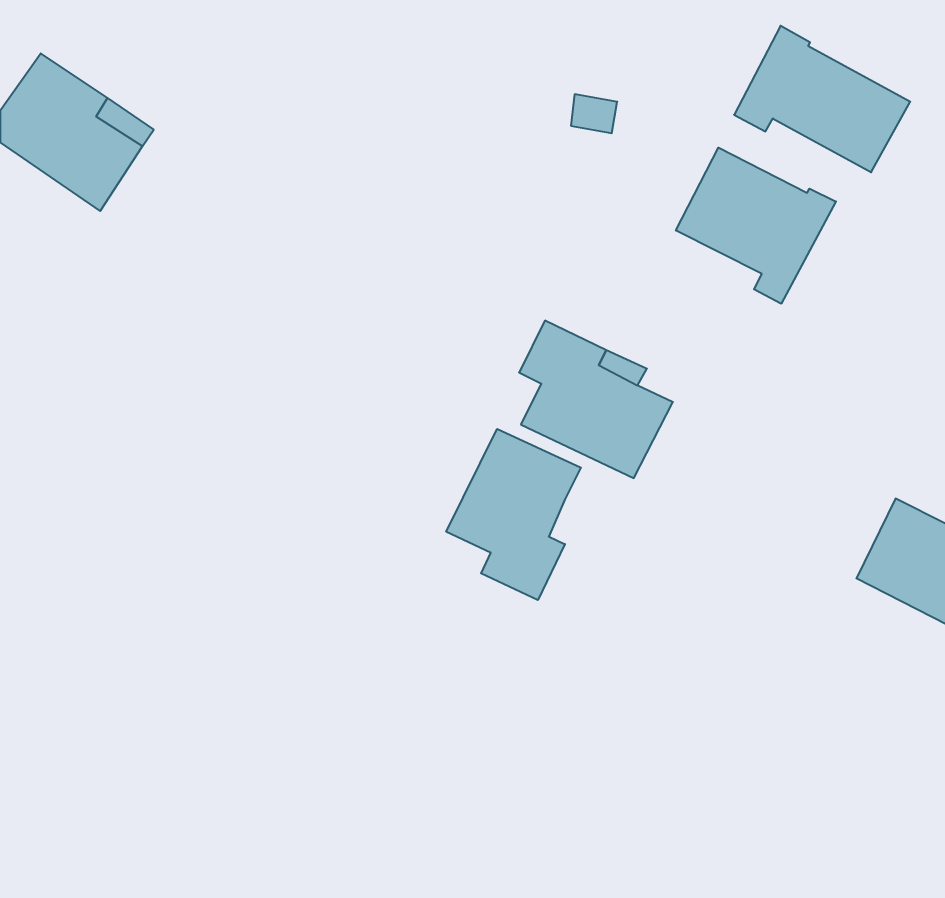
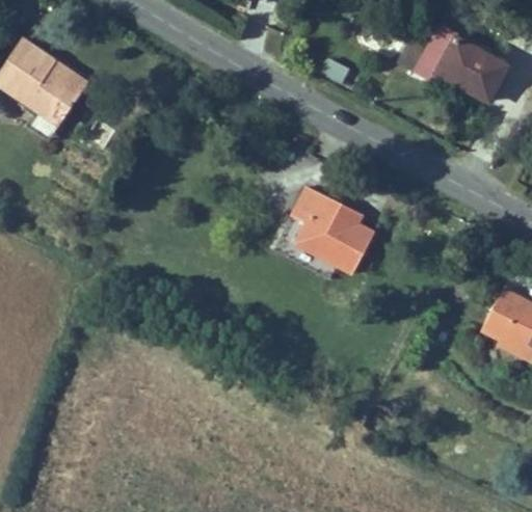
building: [676,148,836,304] -> none
building: [446,429,581,600] -> none

